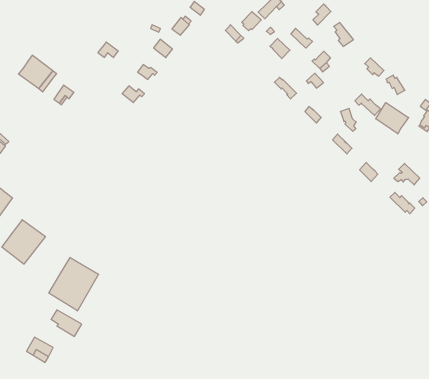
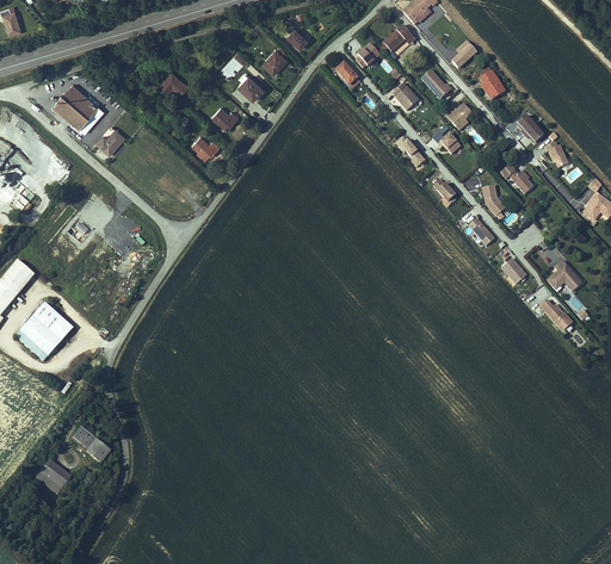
building: [376,103,409,134] -> none
building: [49,257,99,311] -> none

